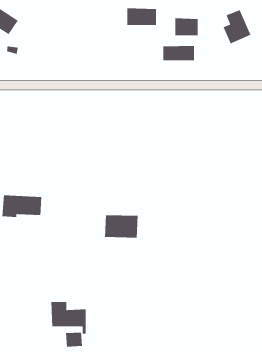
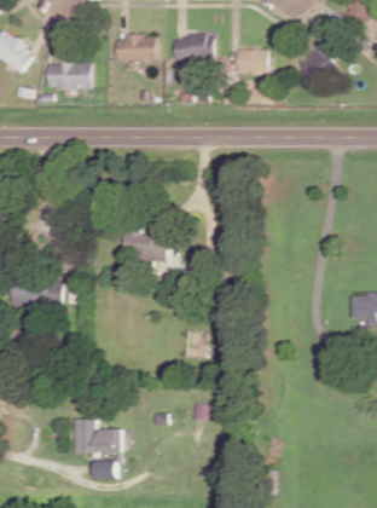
building: none -> [116,35,156,60]
building: none -> [47,56,91,88]
building: [162,45,195,61] -> none
building: [104,214,139,238] -> [123,230,168,261]

